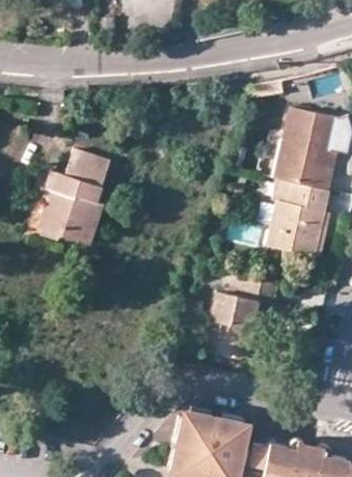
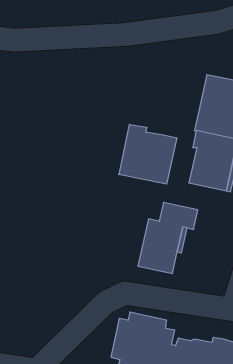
building: [38,150,110,246] -> none
building: none -> [119,124,177,184]

